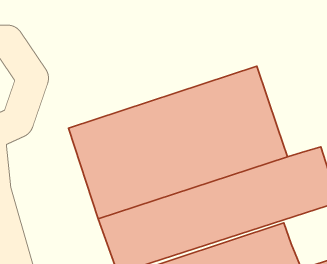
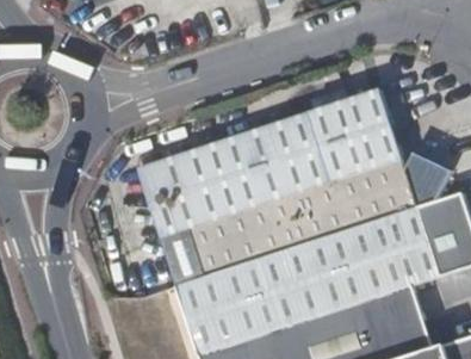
building: none -> [404,151,452,204]

